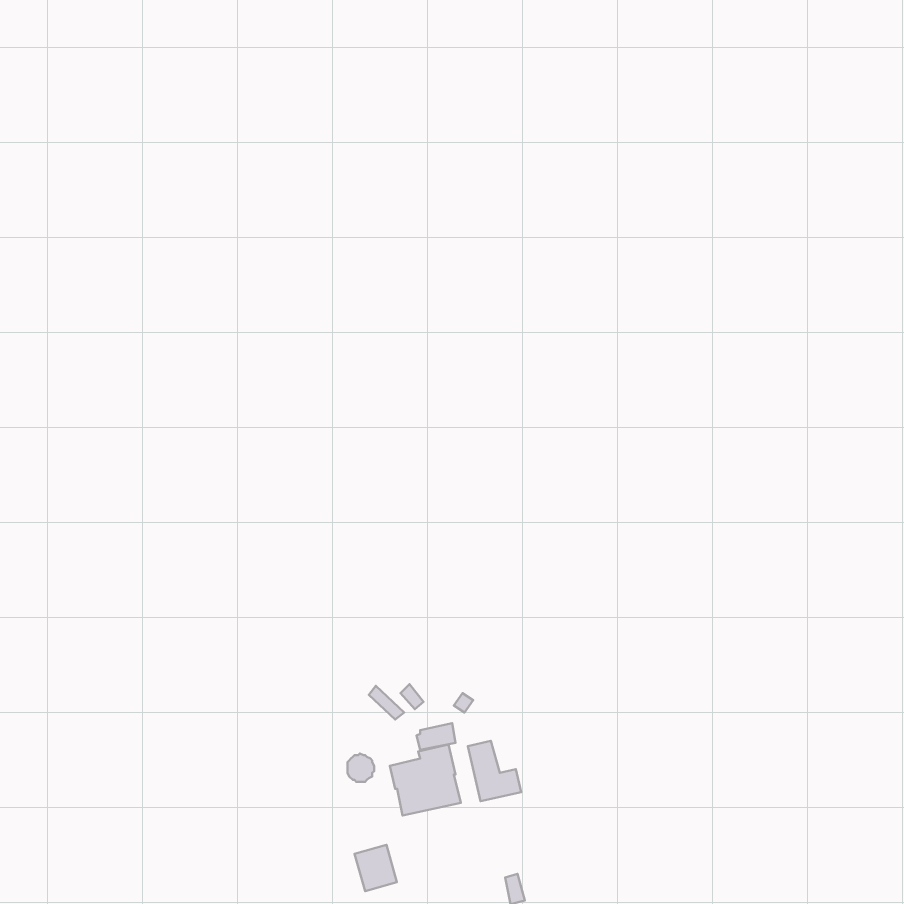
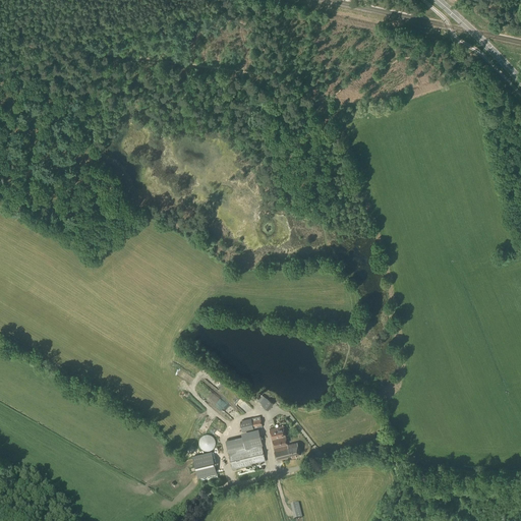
building: [354,845,397,891] -> [191,451,216,477]

